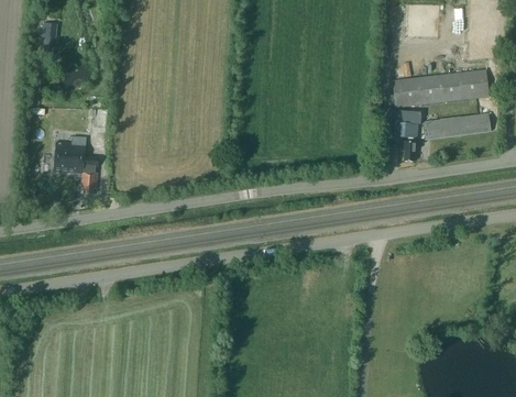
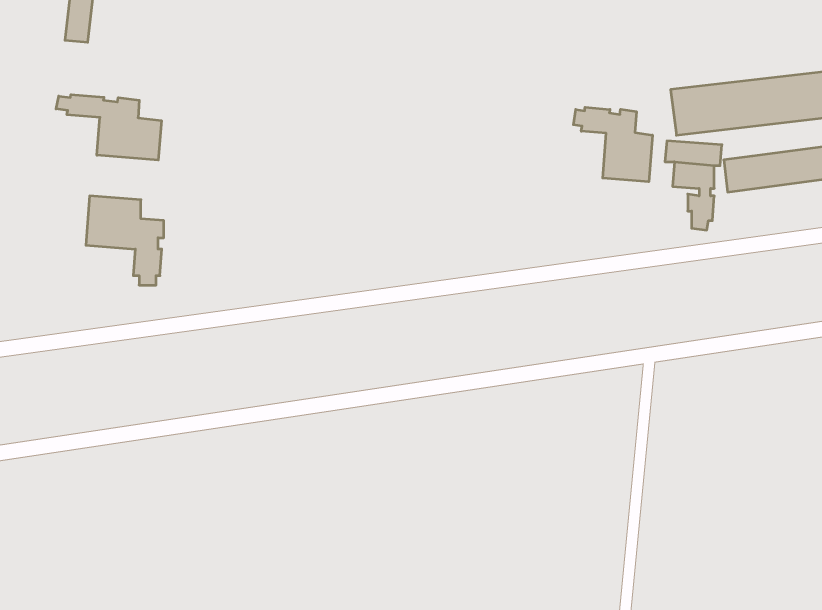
building: none -> [56,95,161,160]
building: none -> [573,107,652,182]

